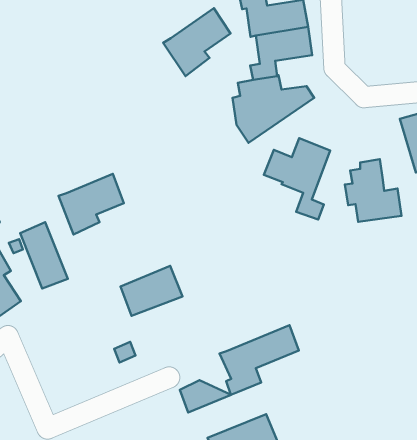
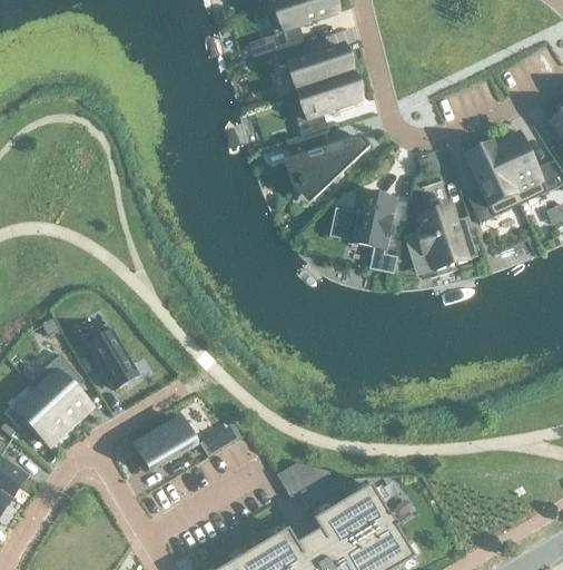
building: [163,8,231,76] -> none
building: [58,174,124,234] -> none
building: [120,266,182,316] -> [131,414,198,473]
building: [220,325,299,395] -> none

